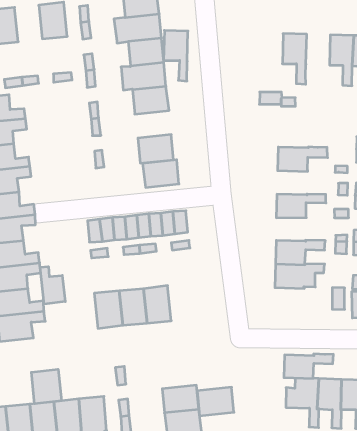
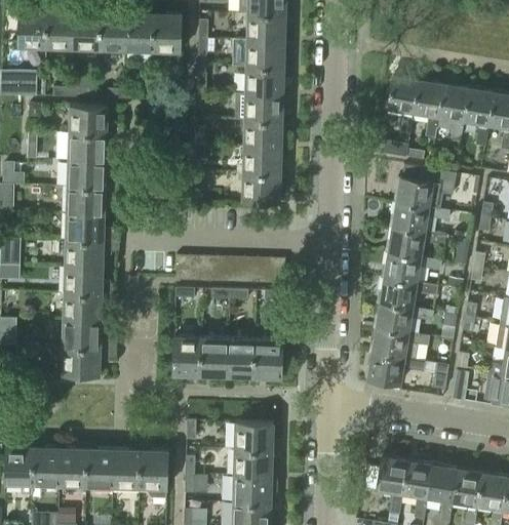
building: none -> [126,13,154,51]
building: [164,30,188,81] -> [386,76,417,134]
building: none -> [435,84,468,143]
building: none -> [395,166,455,209]
building: [142,160,179,187] -> [243,147,281,174]
building: none -> [387,229,445,259]
building: none -> [380,280,436,310]
building: [40,267,65,304] -> none
building: none -> [253,338,282,378]
building: [284,354,333,378] -> [367,356,425,386]
building: [31,369,61,404] -> none
building: [197,387,234,416] -> [234,422,273,451]

